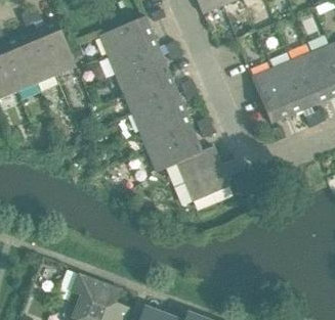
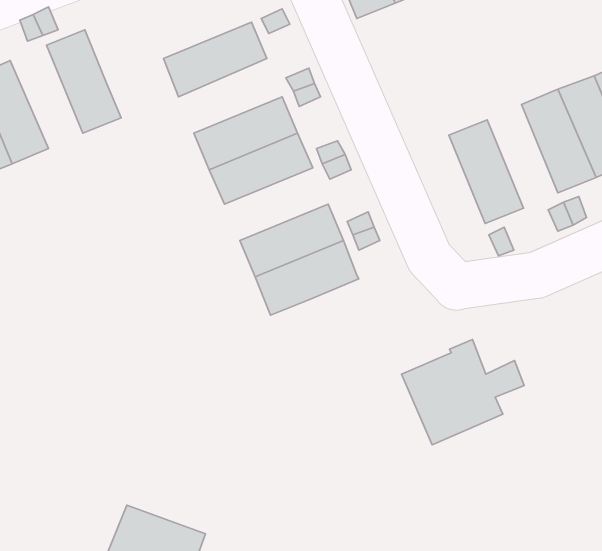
building: [16,28,55,83] -> none
building: [107,35,162,75] -> none
building: [271,59,309,115] -> none
building: [131,93,186,132] -> none
building: [176,145,242,201] -> [401,340,524,445]

